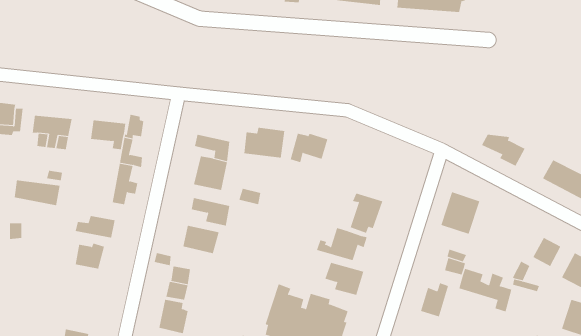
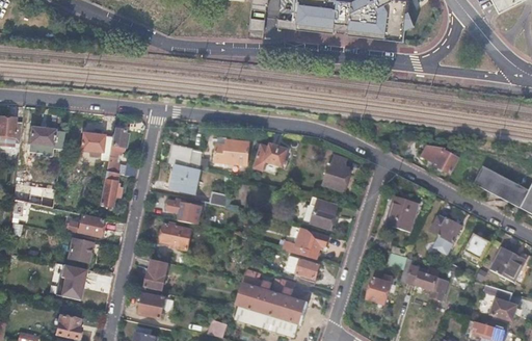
building: none -> [320,154,346,191]
building: none -> [430,214,461,254]
building: none -> [61,265,86,303]

